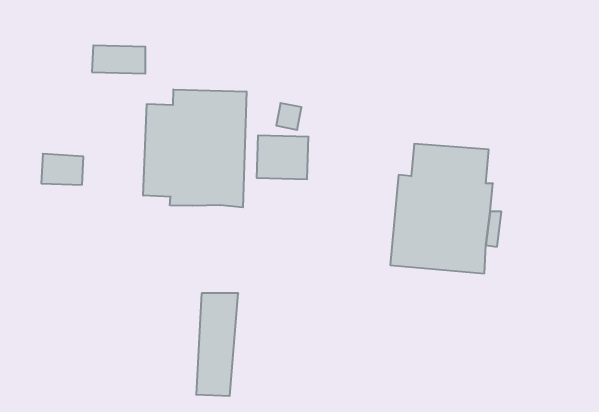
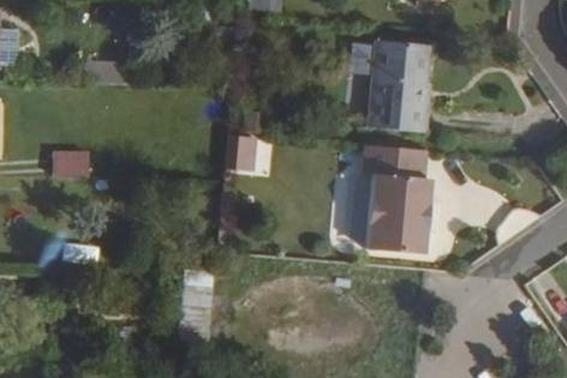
building: none -> [365,41,428,133]
building: [143,89,246,207] -> none

